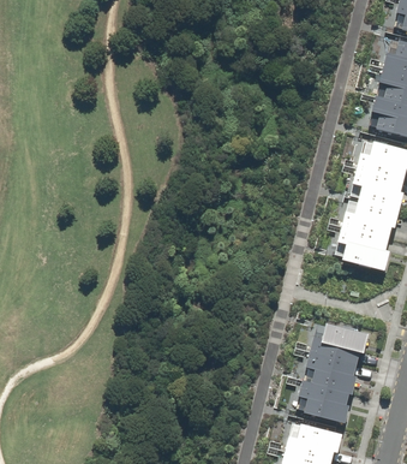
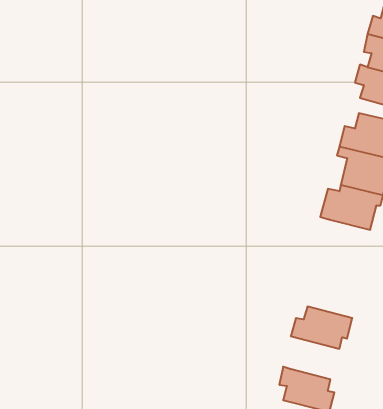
building: [342,240,389,269] -> none
building: [307,350,359,392] -> none

